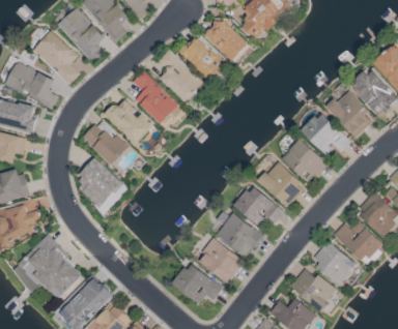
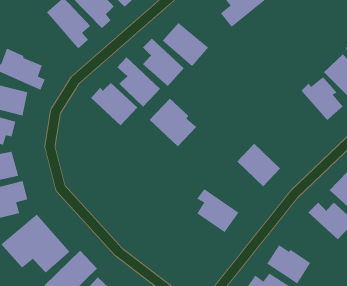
building: [204,18,249,61] -> none
building: [32,31,79,86] -> none
building: [301,112,351,154] -> none
building: none -> [149,98,197,147]
building: [82,118,130,165] -> none
building: [281,139,326,184] -> none
building: [77,157,127,213] -> none
building: [233,185,284,227] -> none
building: [196,238,241,281] -> none
building: [310,240,357,285] -> none
building: [171,263,222,304] -> none

